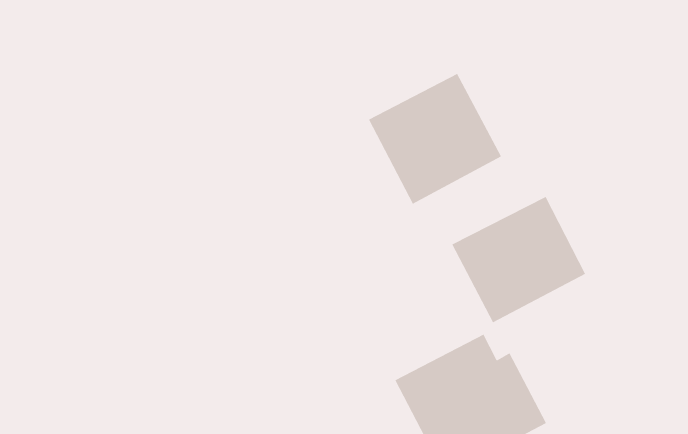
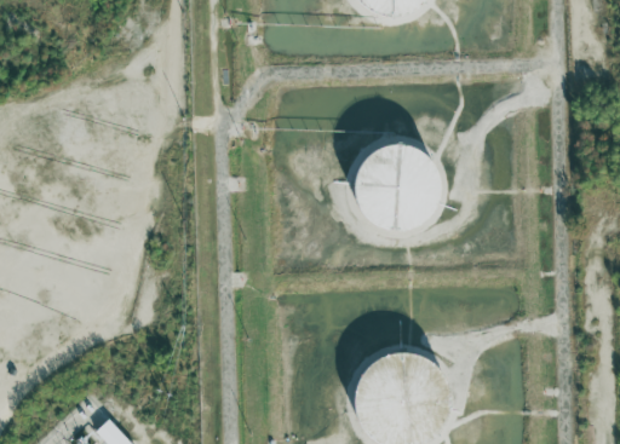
building: [451,196,586,323] -> none

